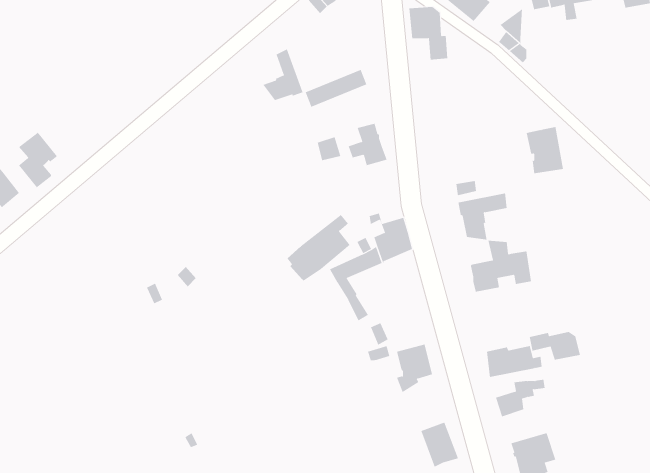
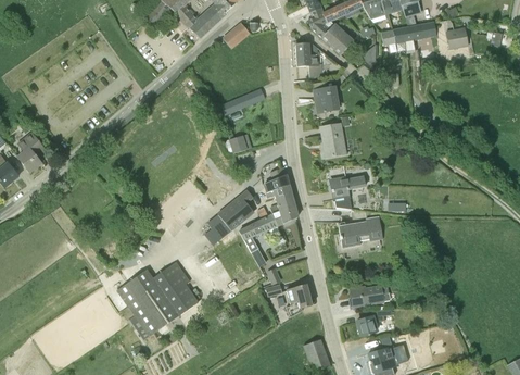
building: [263,49,305,101] -> none
building: none -> [313,85,339,112]
building: [348,123,387,166] -> [263,166,291,197]
building: [526,127,564,174] -> [319,122,346,155]
building: none -> [117,261,198,339]
building: [529,331,580,361] -> none

